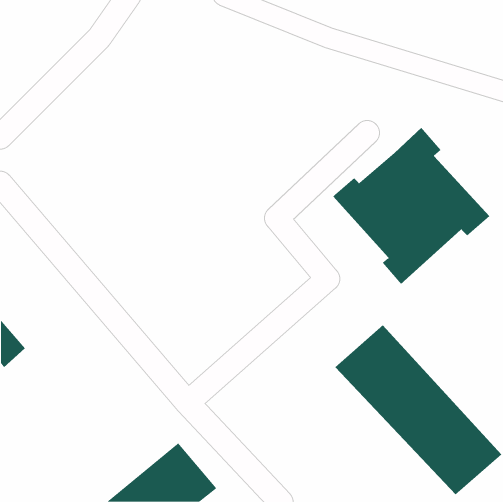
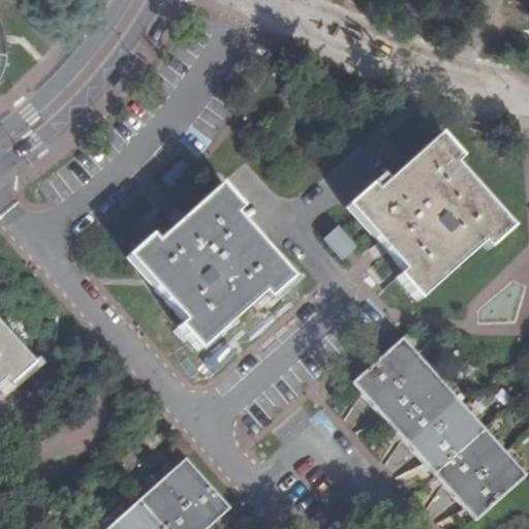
building: none -> [129,183,292,345]

